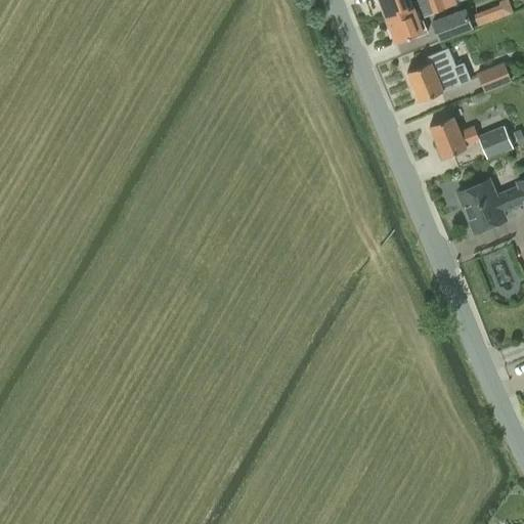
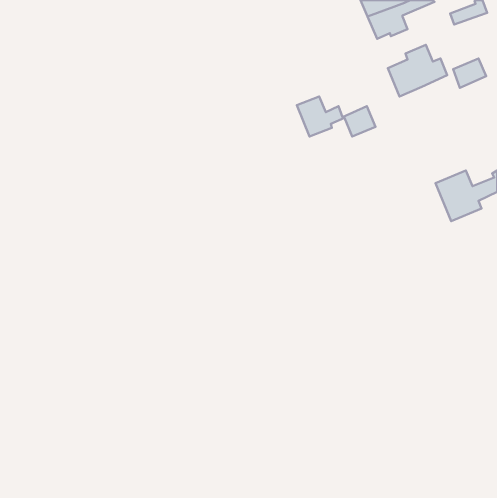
building: [431,9,471,41] -> none
building: [429,116,512,158] -> [297,97,376,136]

